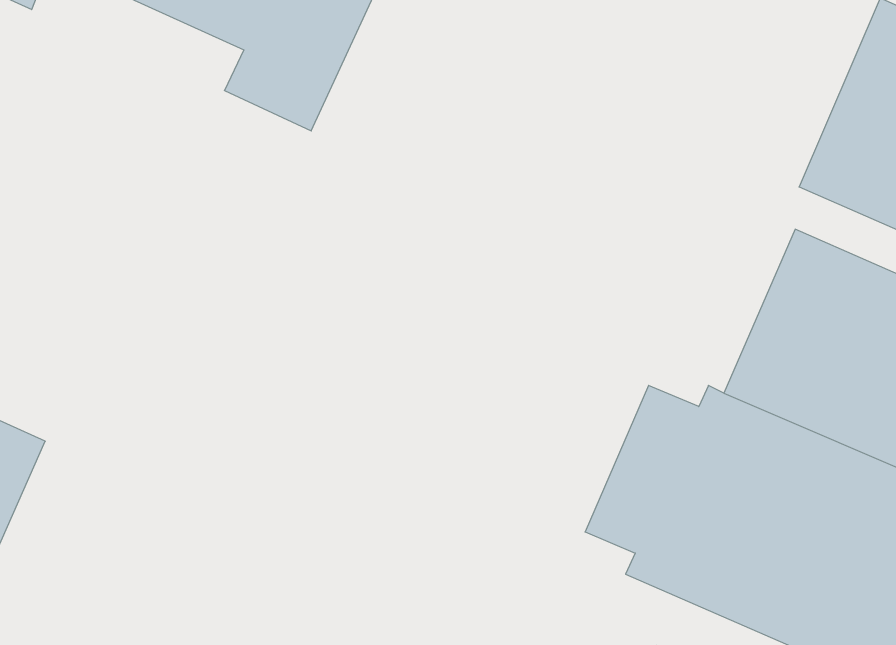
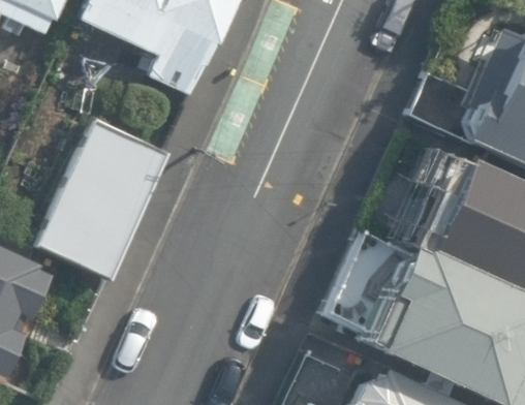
building: none -> [31,119,161,276]

